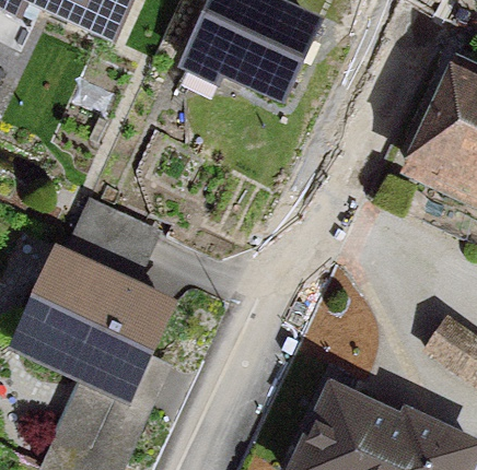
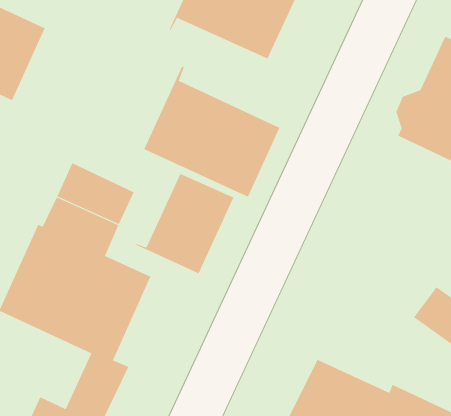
building: none -> [143,66,280,198]
building: none -> [135,173,234,274]

